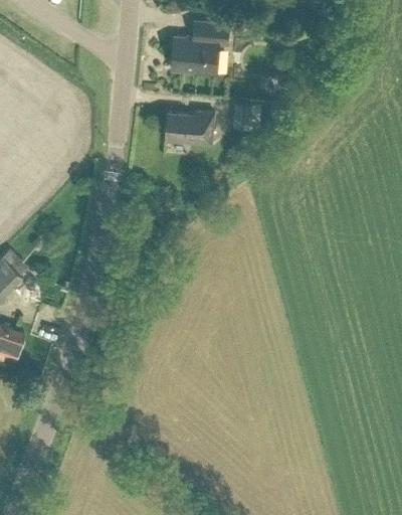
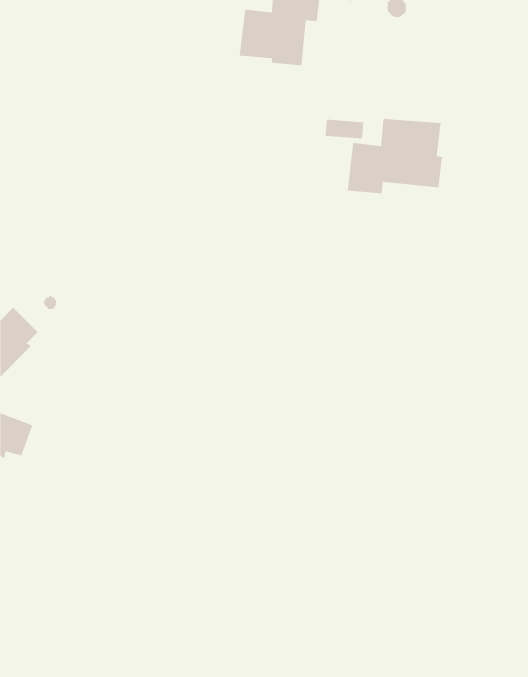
building: [164,112,214,146] -> none
building: none -> [347,118,442,194]

